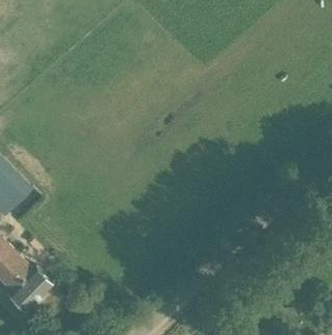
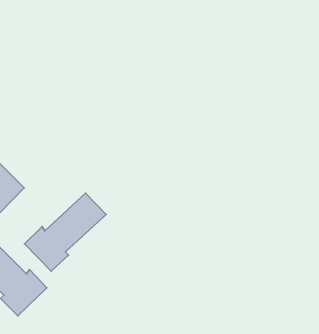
building: none -> [25,193,106,271]

